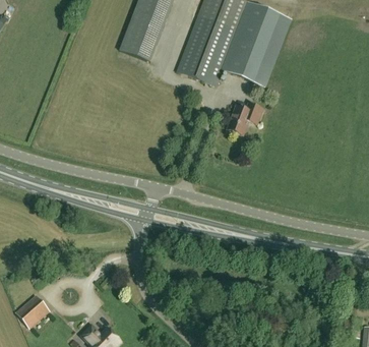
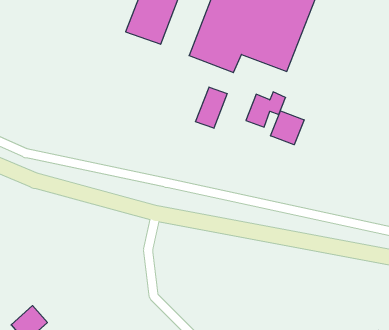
building: none -> [196,87,227,128]
building: none -> [271,111,304,145]

